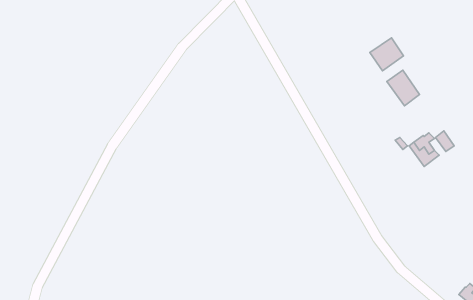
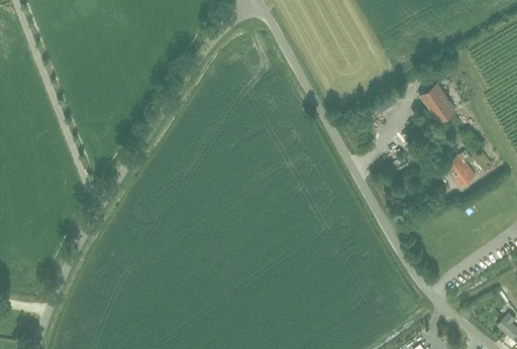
building: [370,38,404,71] -> none

